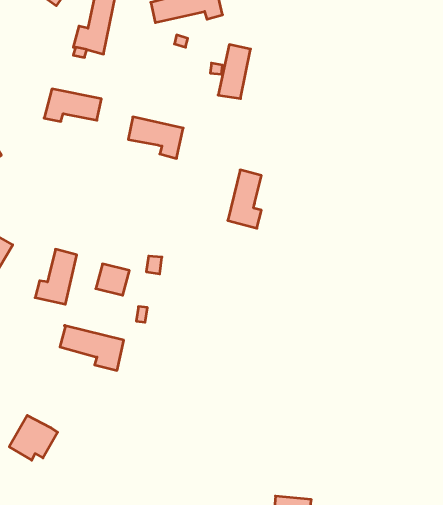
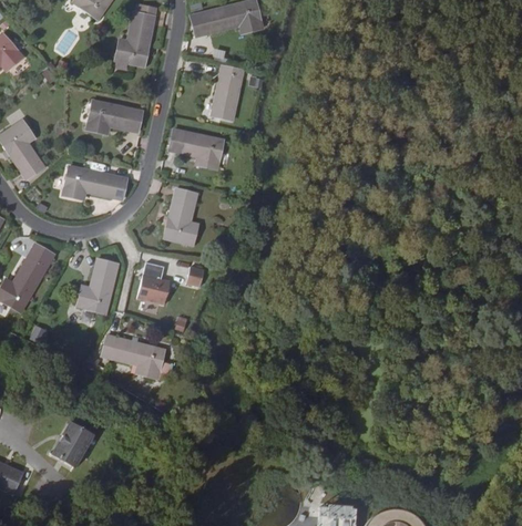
building: [218,45,251,99] -> [211,65,243,118]
building: none -> [62,166,126,199]
building: [228,170,261,228] -> [163,188,196,246]

